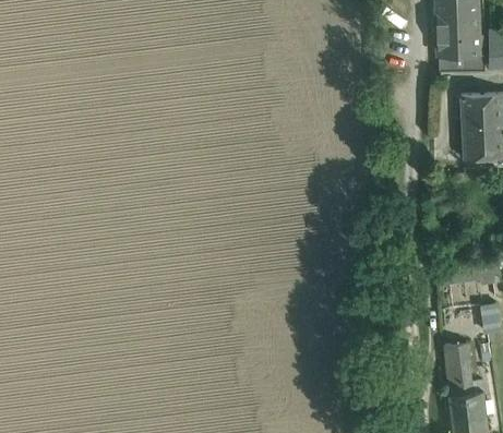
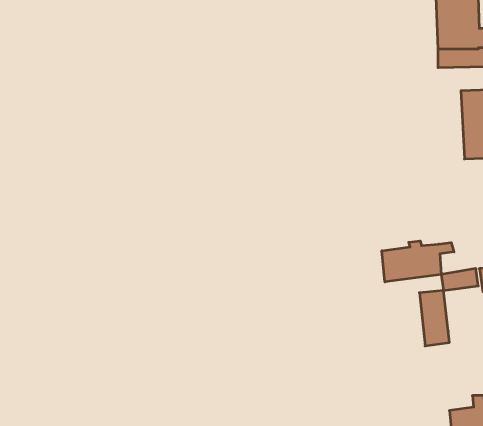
building: none -> [382,241,454,282]
building: [444,345,472,397] -> [419,291,449,346]

